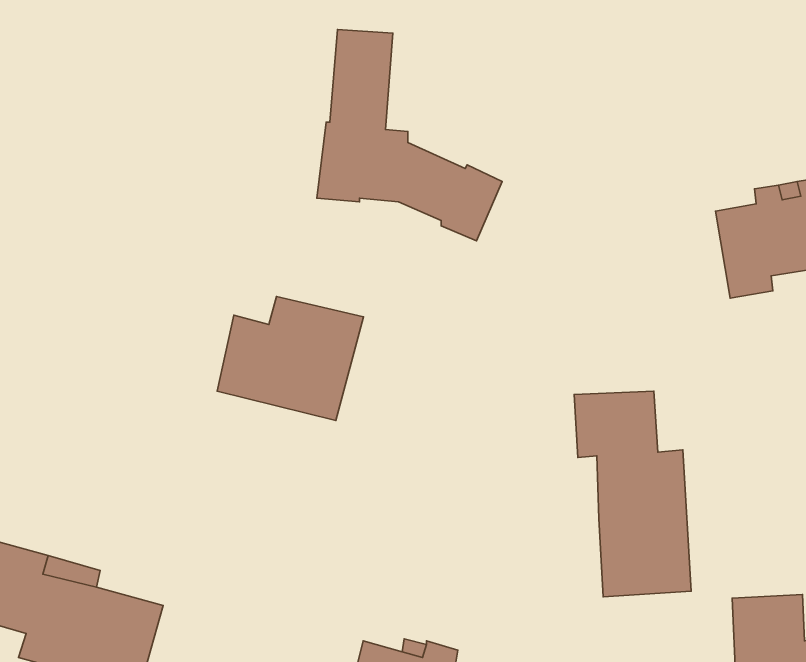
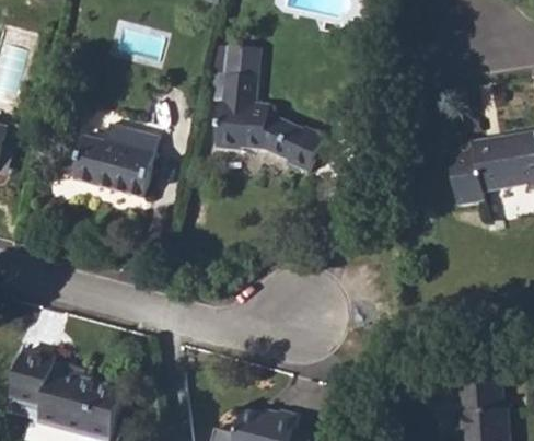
building: [217,297,363,421] -> [70,124,156,197]
building: [574,391,691,597] -> none

